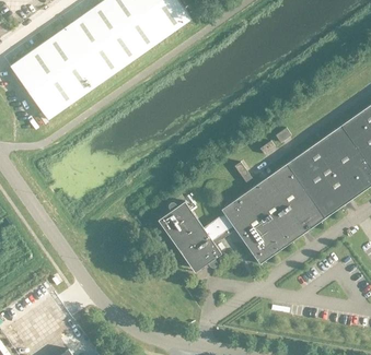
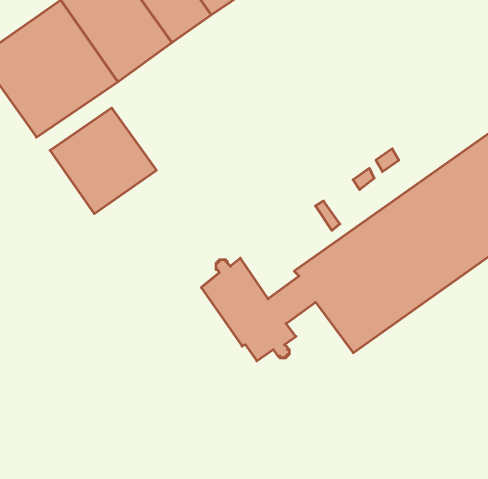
building: none -> [50,108,156,214]

